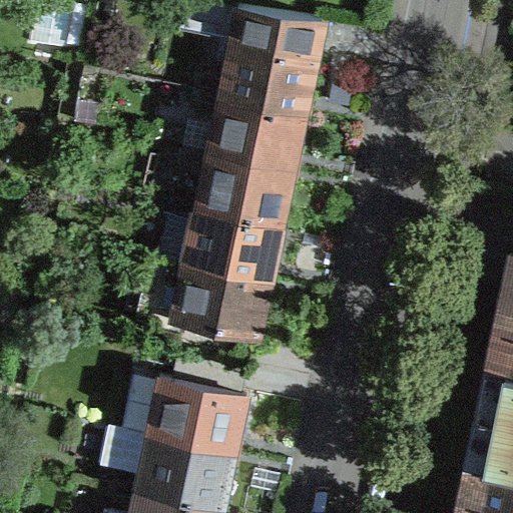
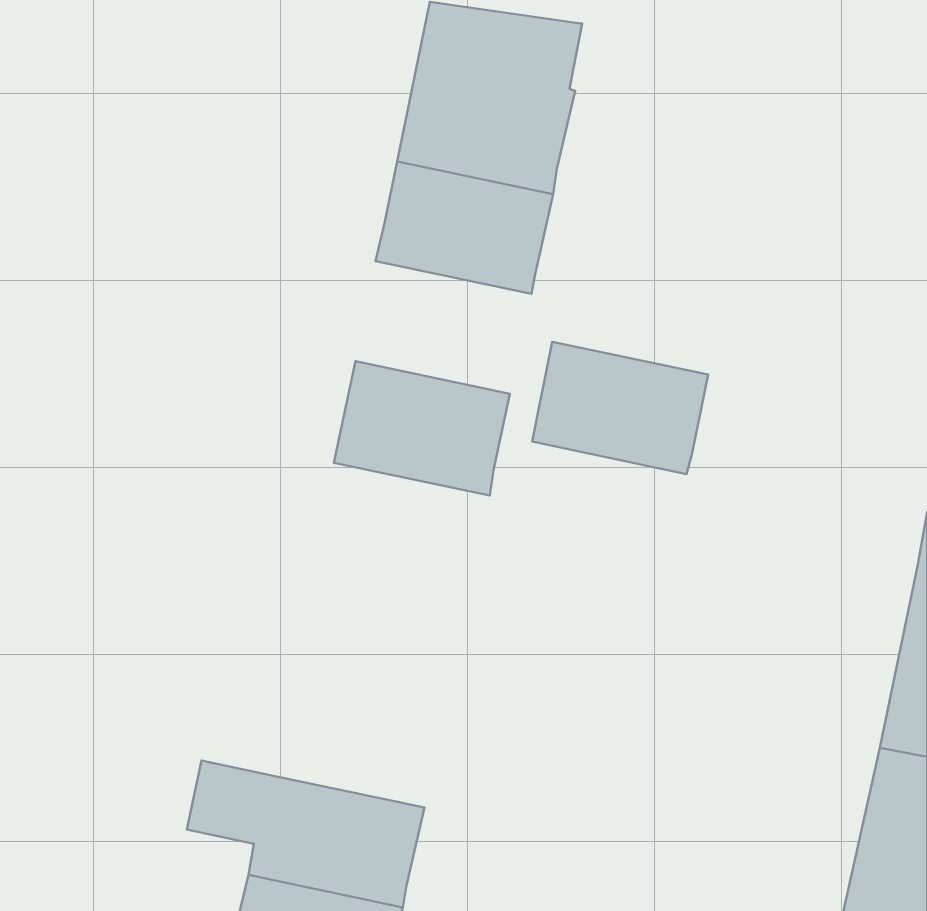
building: [196,153,294,226] -> [532,342,708,474]
building: [172,265,271,340] -> none
building: [148,354,245,455] -> none

